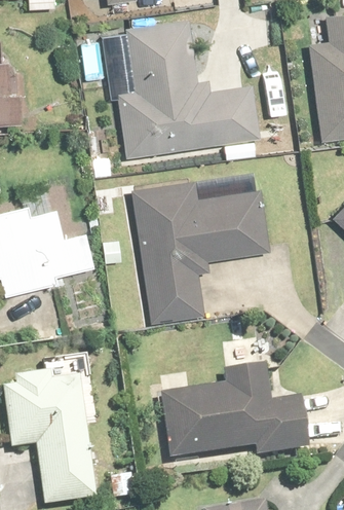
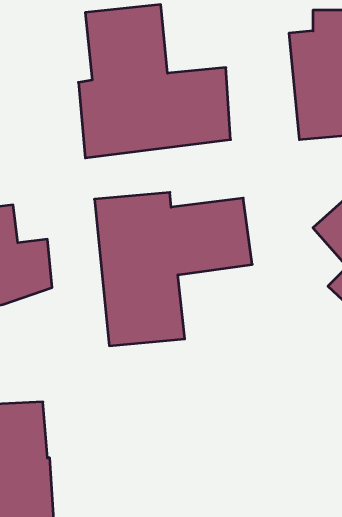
building: [139,373,288,470] -> none

